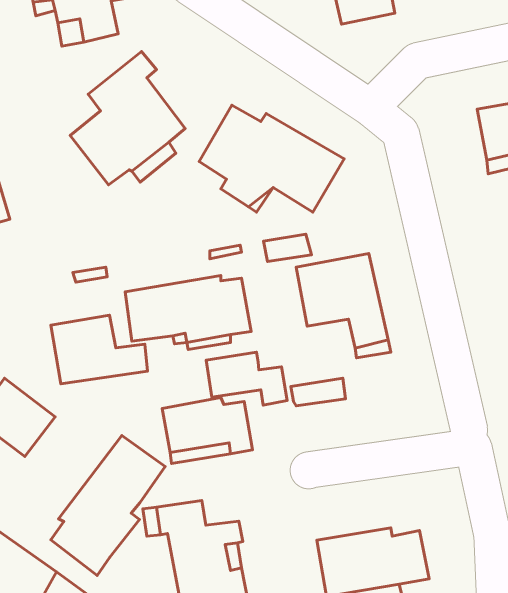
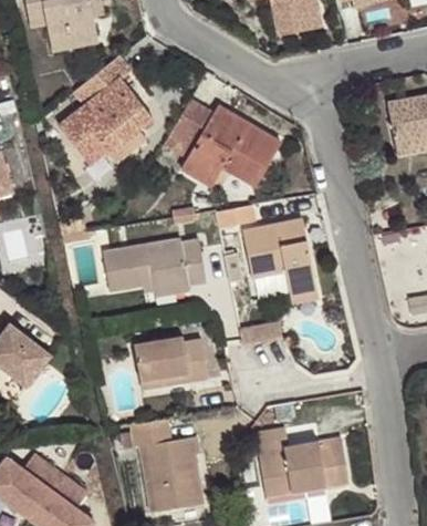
building: [51,315,147,384] -> none
building: [206,352,287,405] -> none
building: [51,435,165,575] -> none

